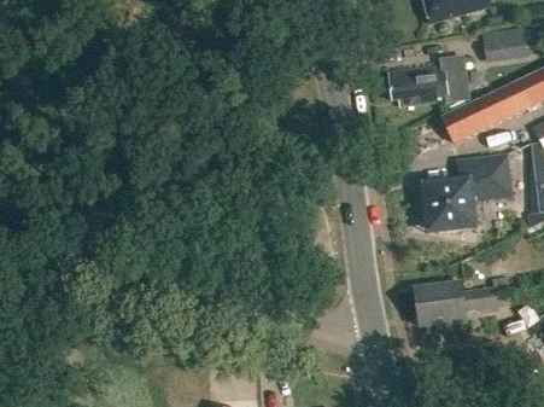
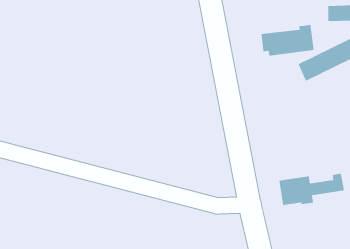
building: [422,155,511,229] -> none

